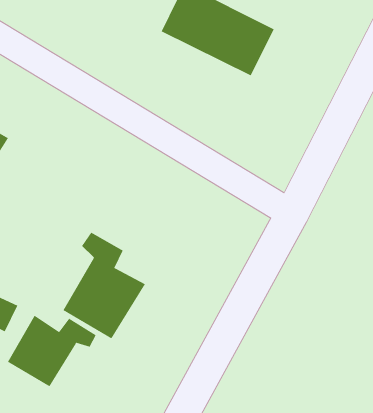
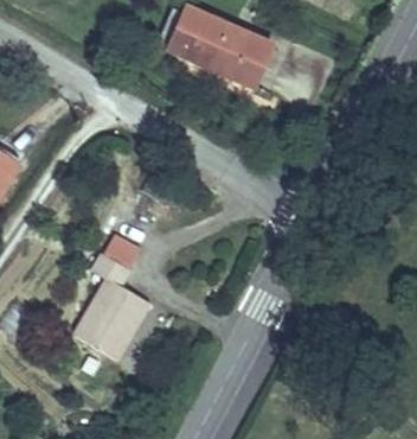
building: [7,315,97,387] -> none

